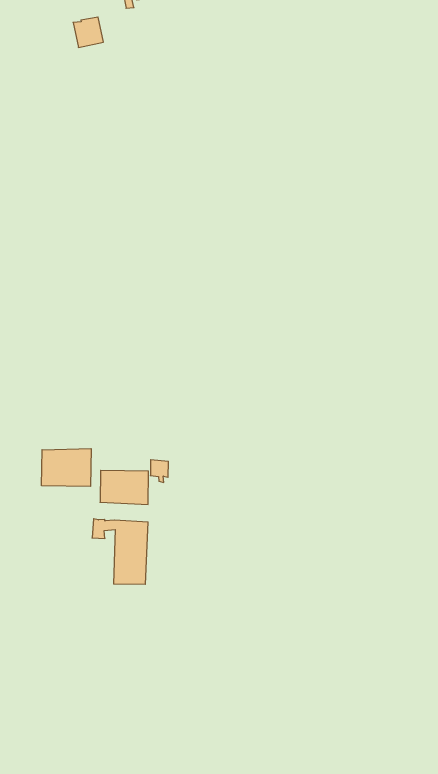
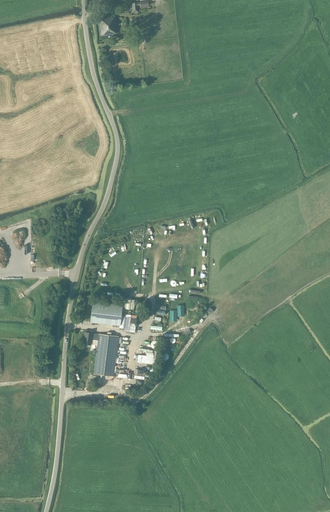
building: [42,449,91,486] -> none

